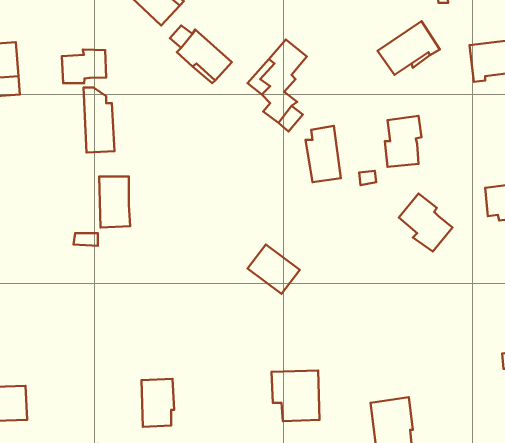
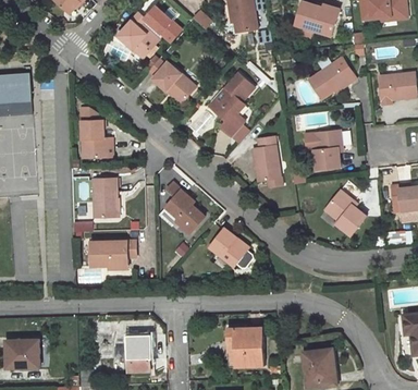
building: [62,50,106,83] -> none
building: none -> [164,185,202,233]
building: none -> [90,242,135,268]

